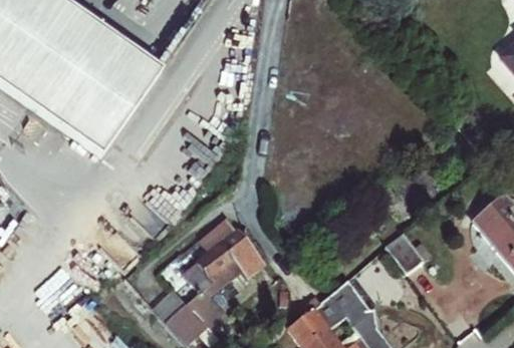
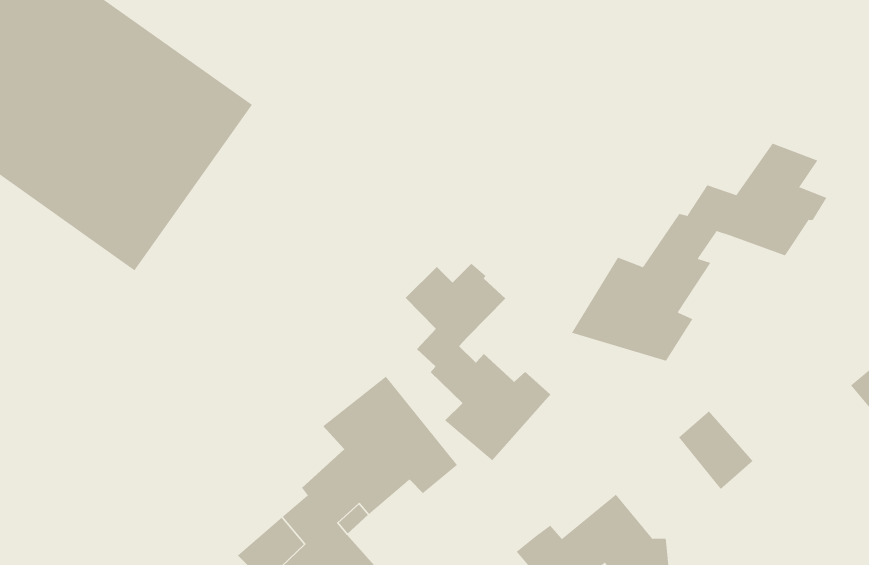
building: none -> [571,143,827,361]
building: none -> [405,263,551,461]

